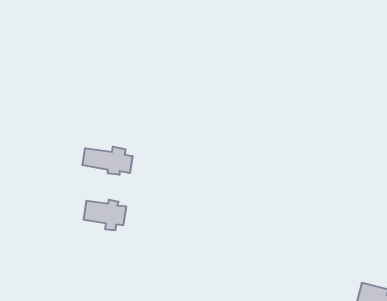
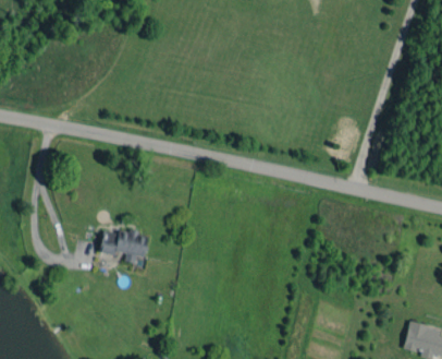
building: [83,147,133,175] -> none

